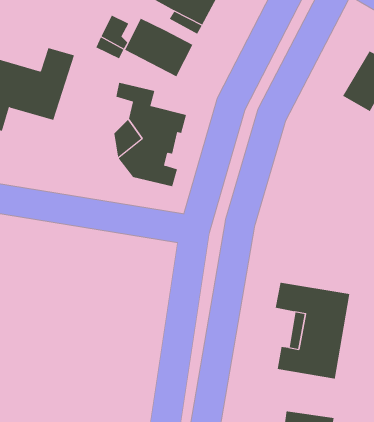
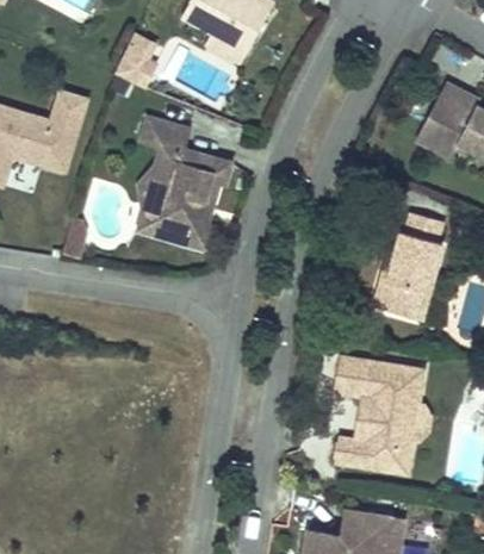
building: [124,18,193,77] -> none
building: none -> [374,210,441,318]

